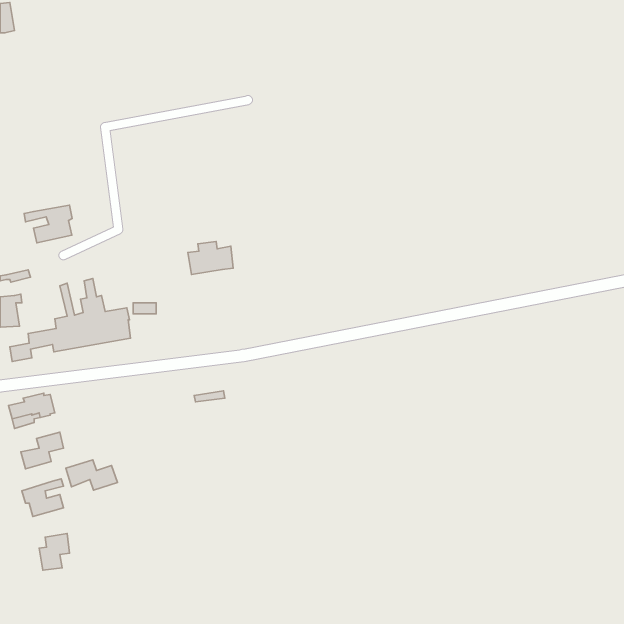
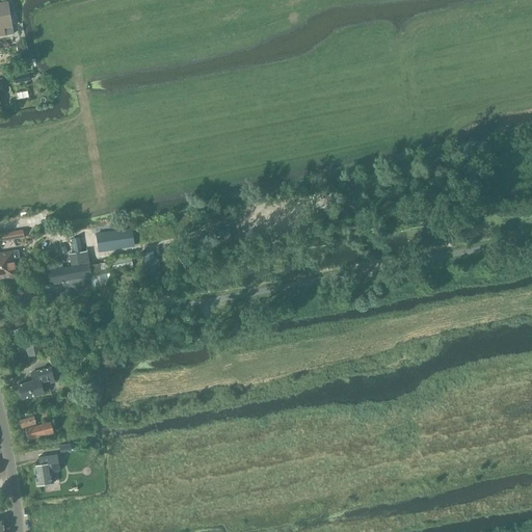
building: [24,205,72,243] -> none
building: [188,241,233,274] -> [96,223,134,251]
building: [66,460,118,490] -> none

